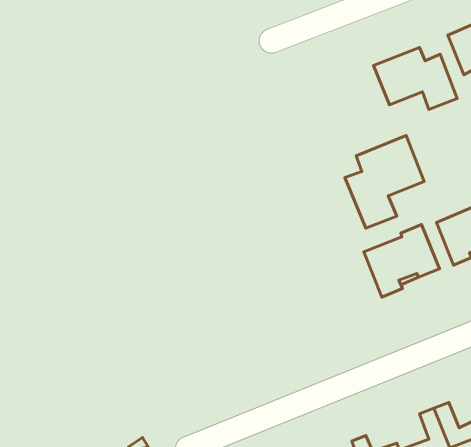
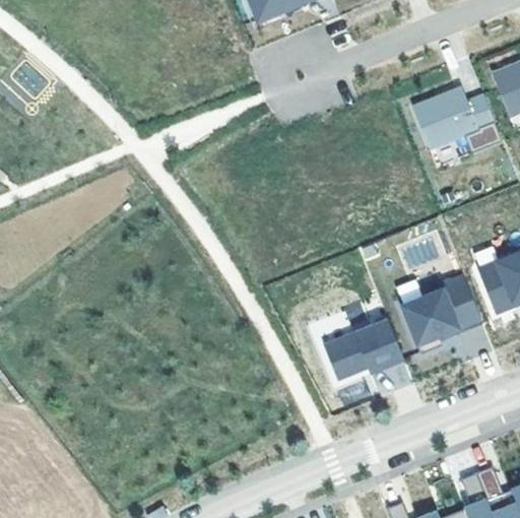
building: [345,135,424,228] -> none
building: none -> [322,318,404,380]

